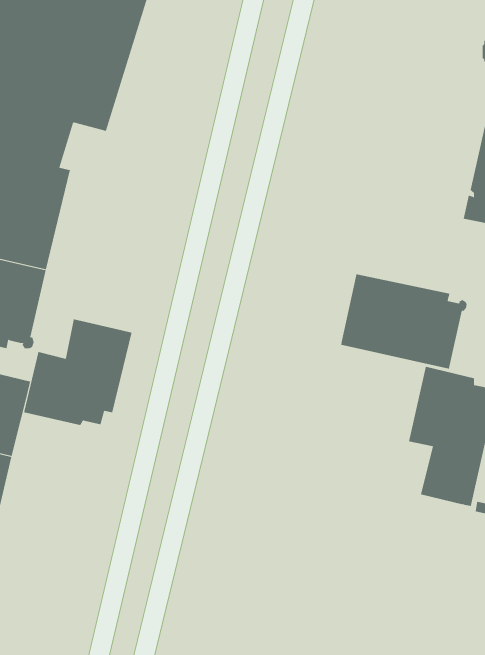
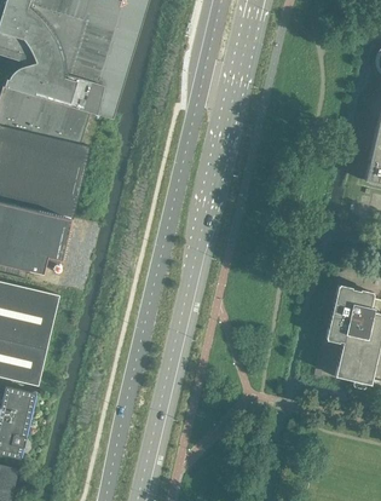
building: [340,273,467,369] -> none
building: [24,318,132,426] -> none

